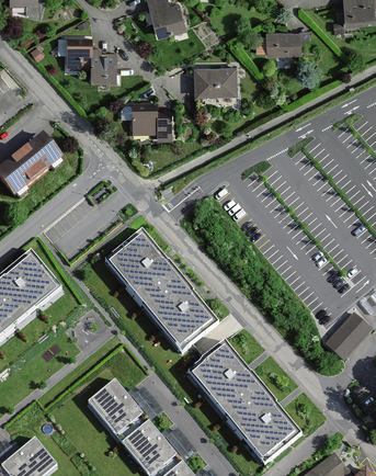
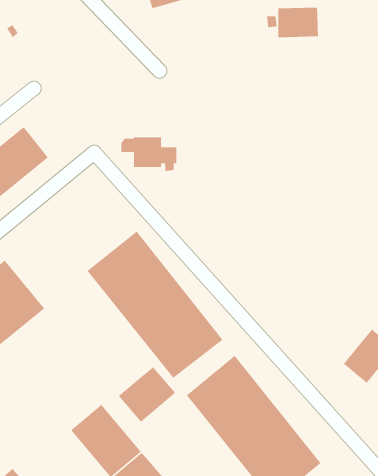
building: [65,38,114,80] -> none
building: [194,67,233,93] -> none
building: [119,103,170,134] -> [120,137,178,172]
building: none -> [118,366,176,423]

